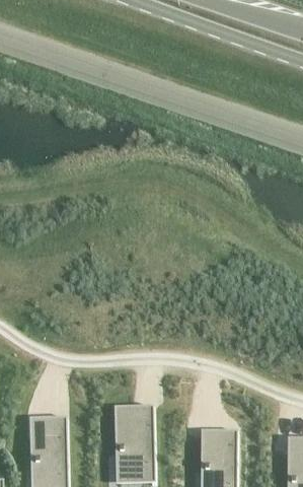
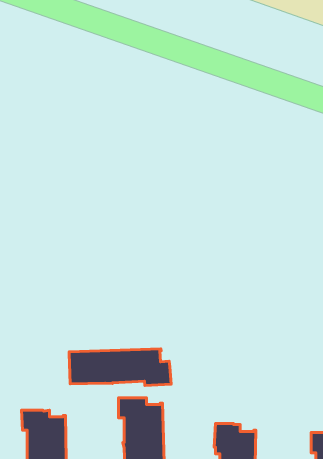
building: none -> [69,349,171,386]

